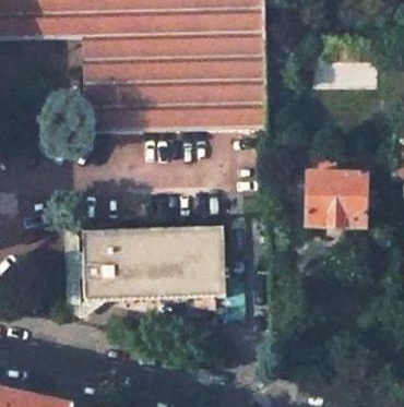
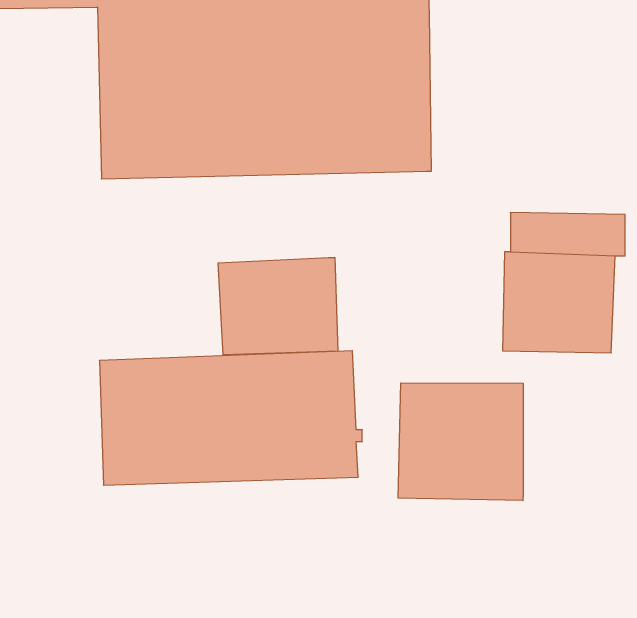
building: none -> [218,257,338,355]
building: none -> [398,383,523,501]

